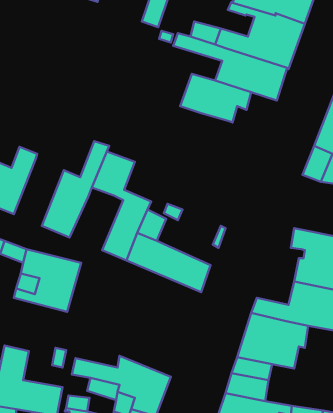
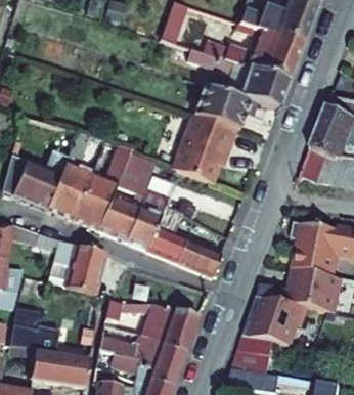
building: none -> [173,114,236,183]
building: none -> [47,131,91,219]
building: none -> [96,192,143,240]
building: none -> [105,299,198,352]

